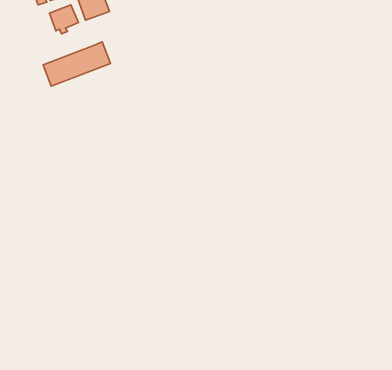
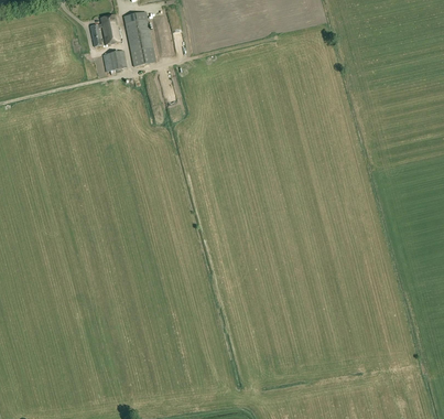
building: [43,42,111,86] -> none

